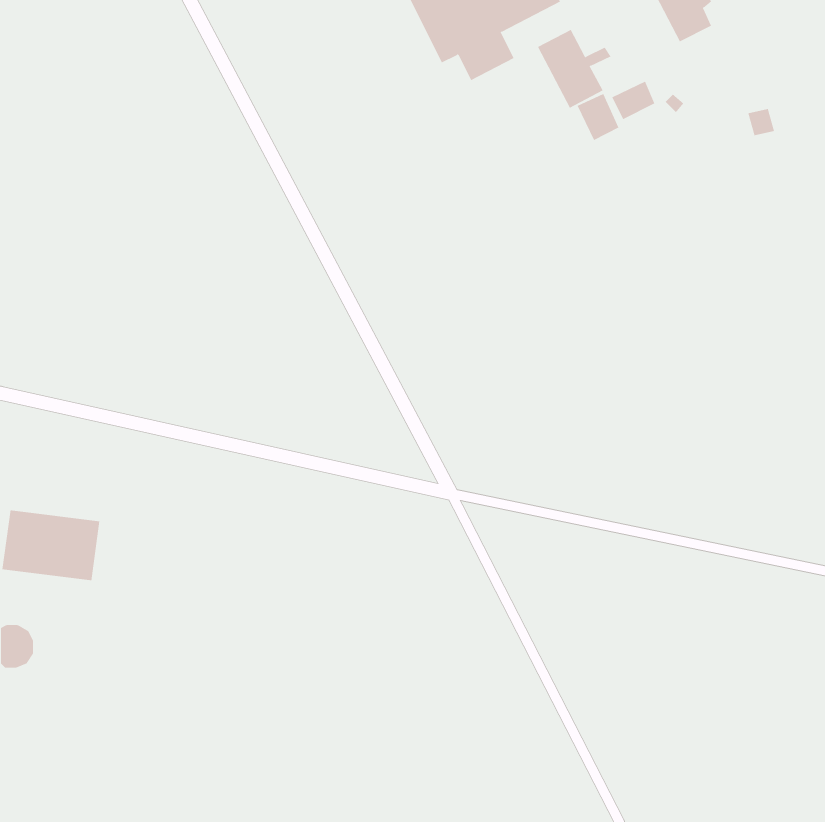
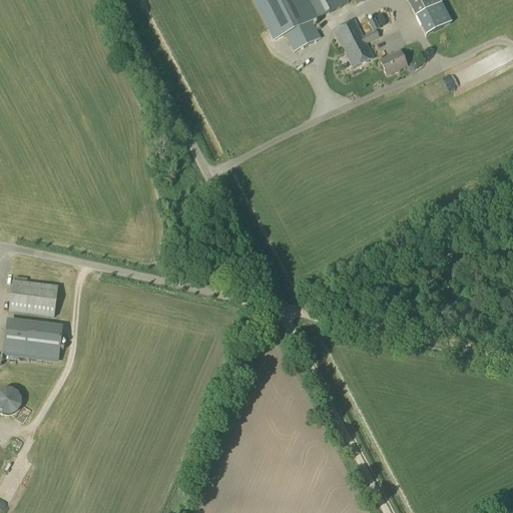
building: [577,93,619,141] -> none
building: none -> [9,280,58,316]

